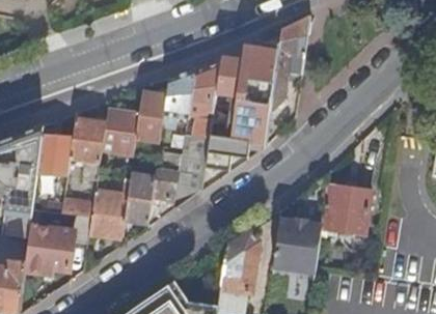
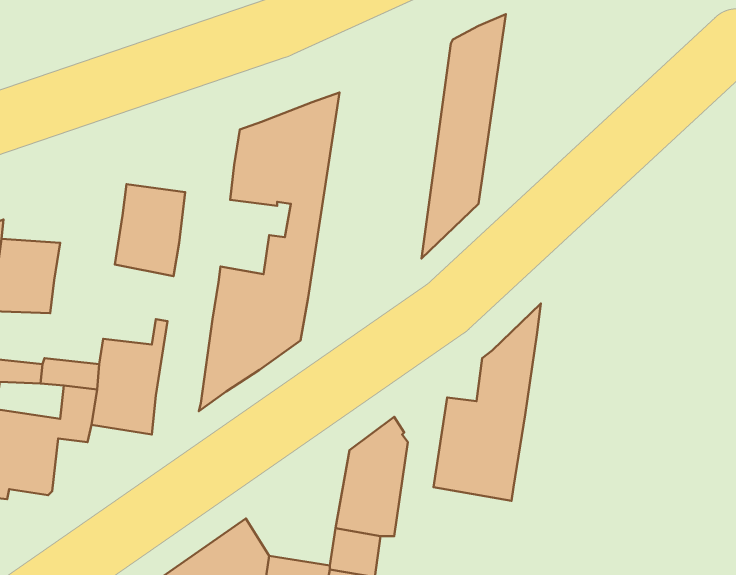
building: [205,31,280,170] -> none
building: [136,92,165,140] -> none
building: [70,117,106,178] -> none
building: [124,173,154,222] -> none
building: [320,185,369,235] -> none

